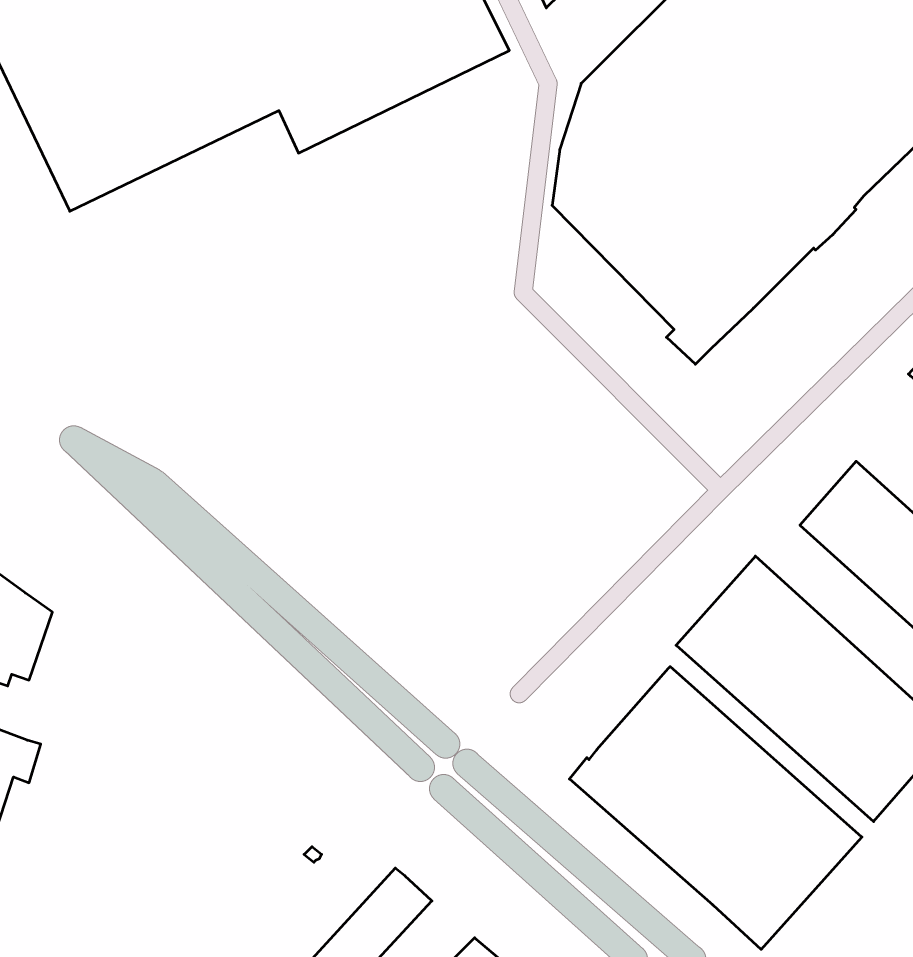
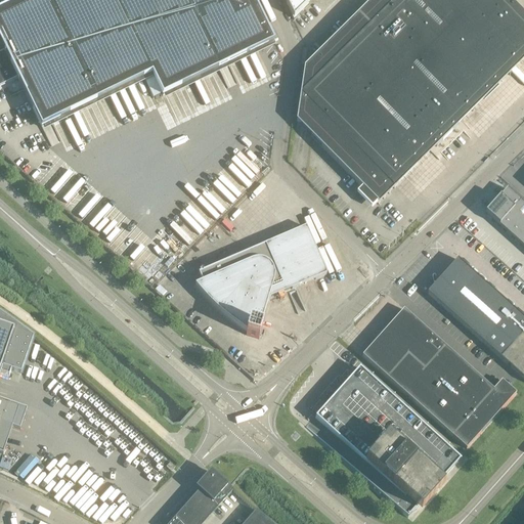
building: none -> [196,222,328,334]

